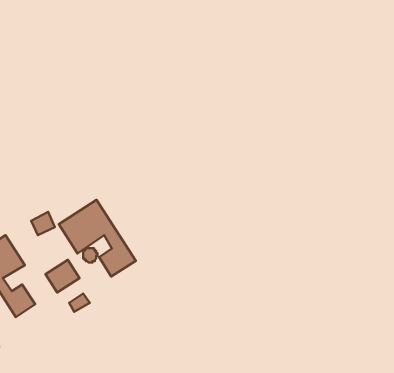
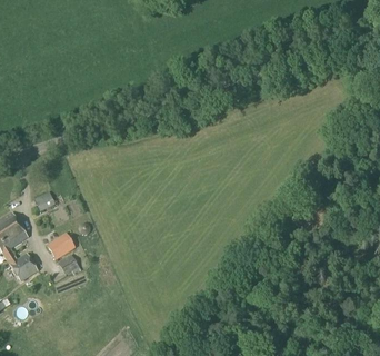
building: [59,200,136,277] -> none

